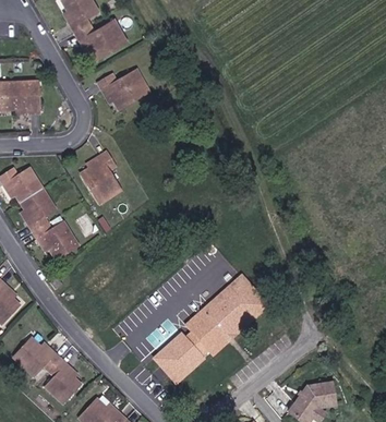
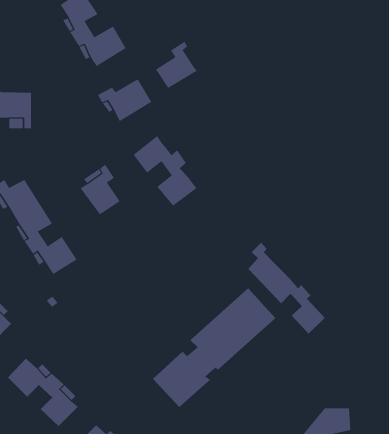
building: none -> [155,41,197,89]
building: none -> [133,135,197,207]
building: none -> [248,242,325,334]

